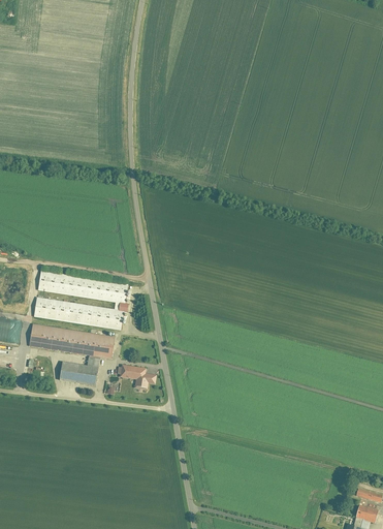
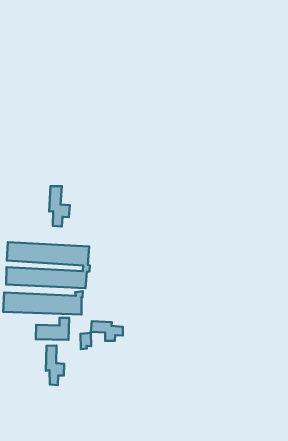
building: none -> [49,186,70,227]
building: none -> [46,345,64,385]

